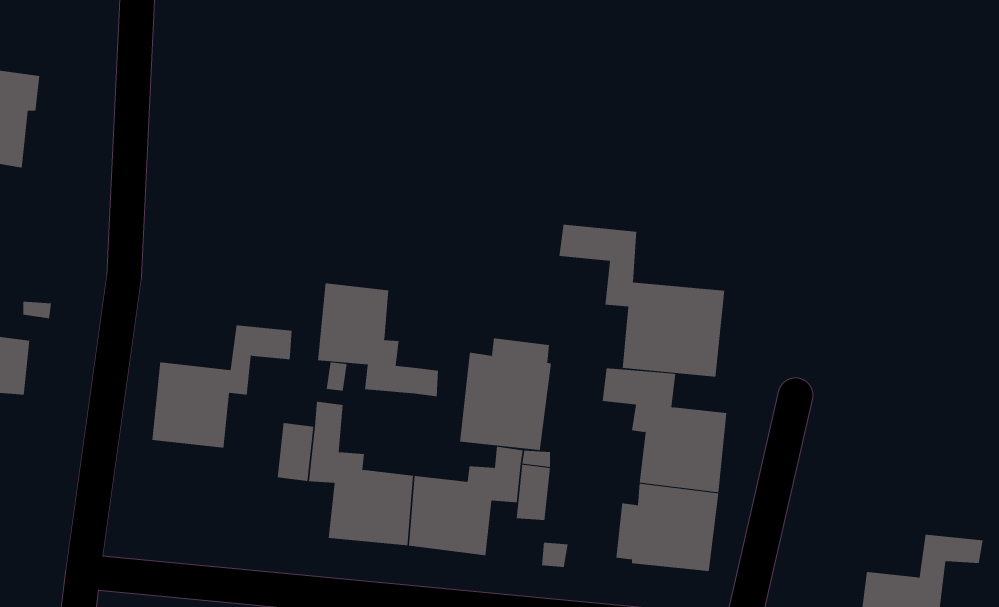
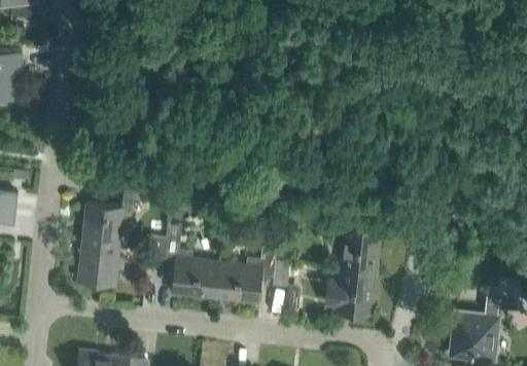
building: [559,224,725,377] -> none
building: [317,282,439,397] -> none
building: [460,337,552,451] -> none
building: none -> [76,245,125,286]

